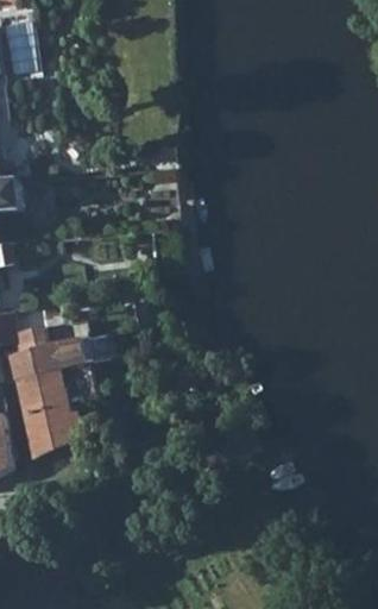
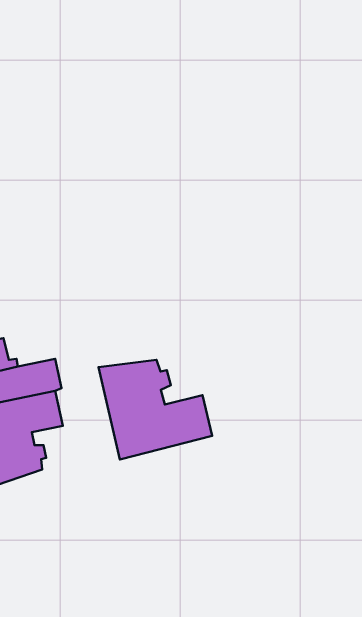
building: none -> [99,360,212,459]

